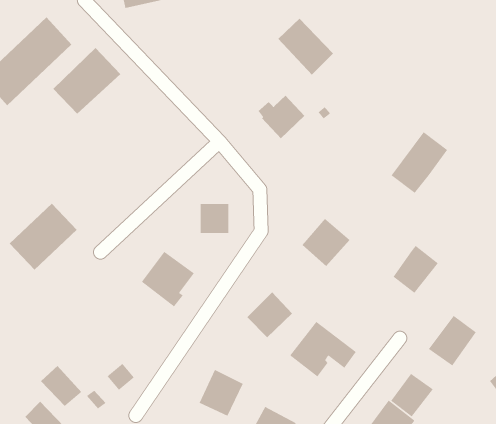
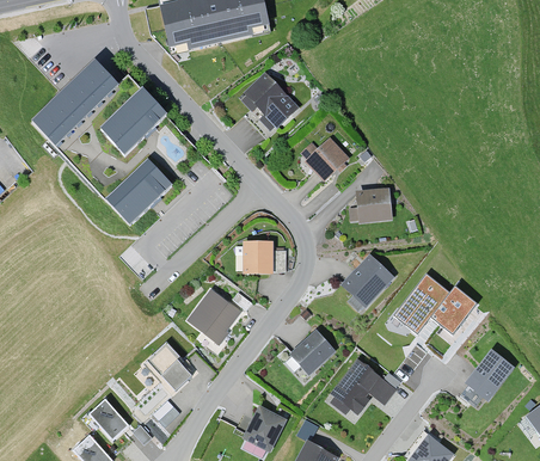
building: [278,18,334,76] -> [243,72,297,128]
building: [390,131,448,194] -> [393,271,449,332]
building: none -> [349,188,392,222]
building: [9,203,78,270] -> [105,159,172,225]
building: none -> [146,343,192,392]
building: [390,373,434,418] -> none

